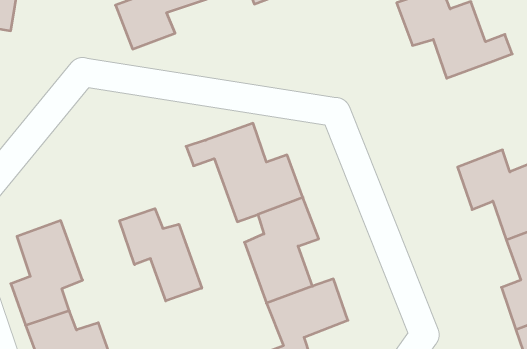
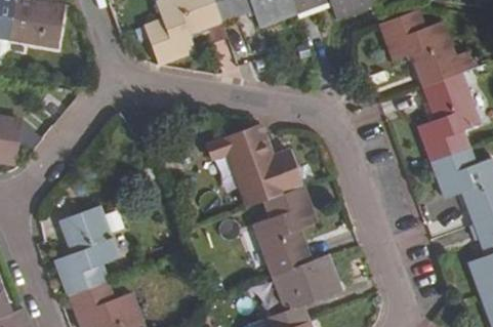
building: none -> [418,72,479,161]
building: [120,209,202,301] -> none

